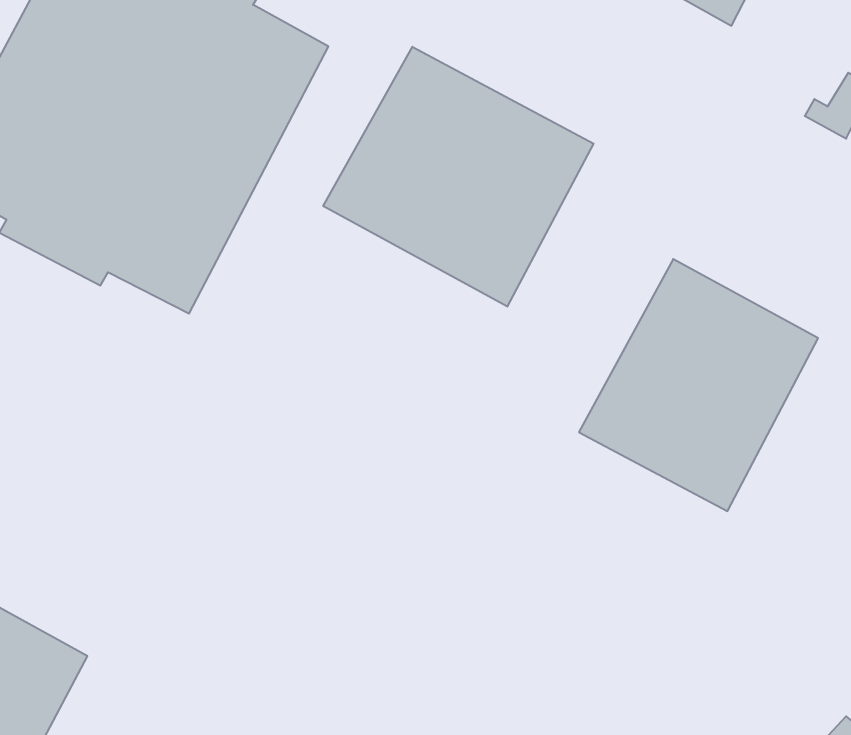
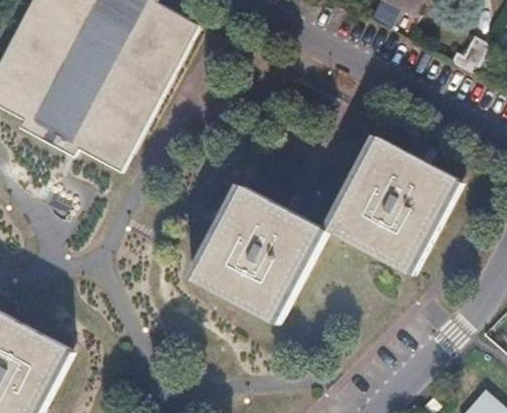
building: [323,47,594,307] -> none
building: none -> [194,187,320,321]

